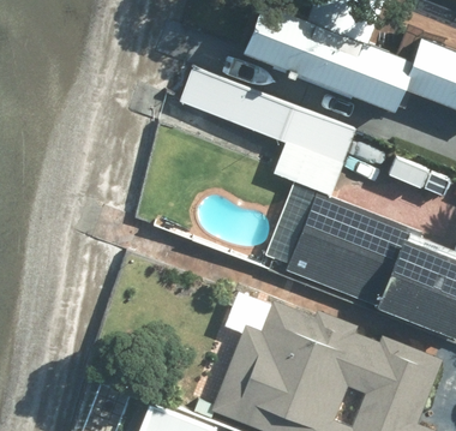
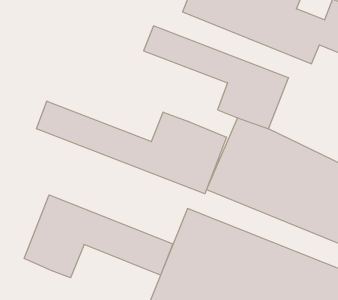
building: none -> [37,101,226,194]
building: none -> [24,195,173,278]

